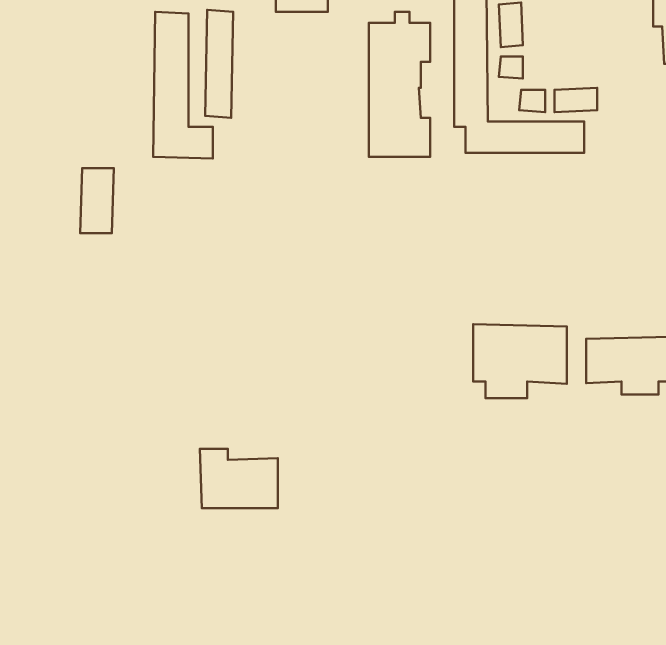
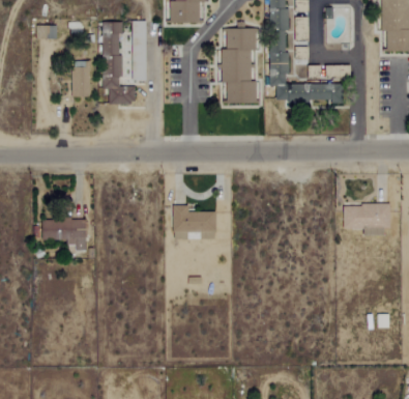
building: [80,168,114,233] -> [72,61,91,97]
building: [473,324,567,398] -> none
building: none -> [41,219,87,252]
building: [200,449,278,508] -> [173,206,216,239]

